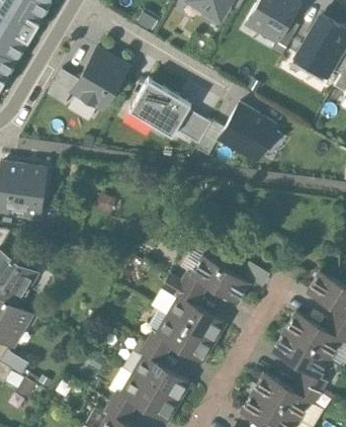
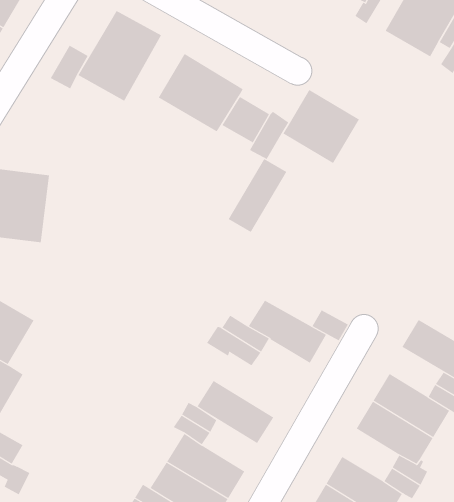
building: none -> [228,158,287,233]
building: [169,295,226,343] -> none

